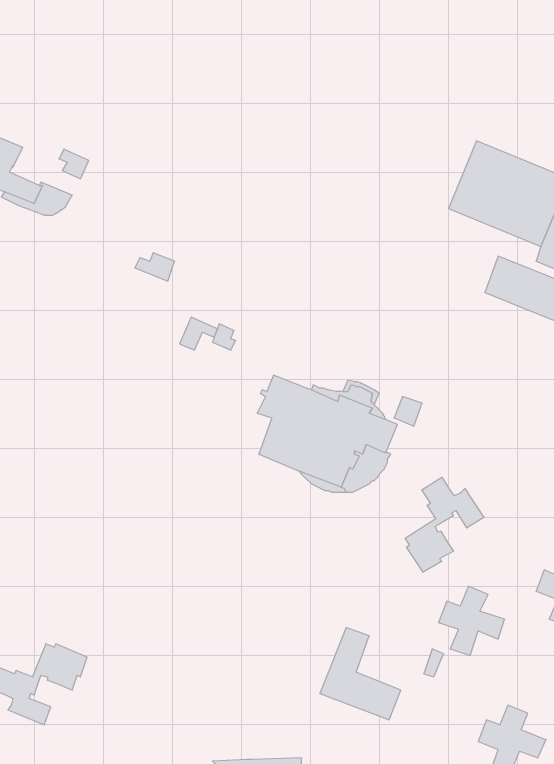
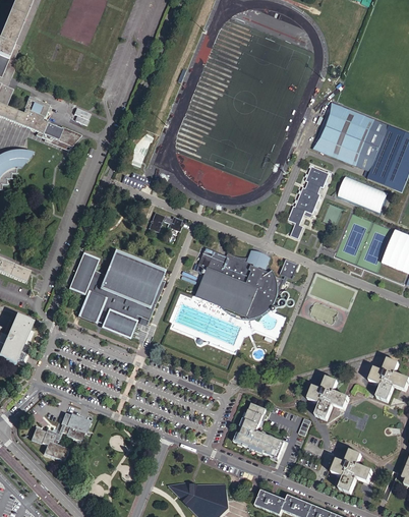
building: none -> [286,164,327,237]
building: none -> [67,249,164,339]
building: [405,477,484,572] -> none

